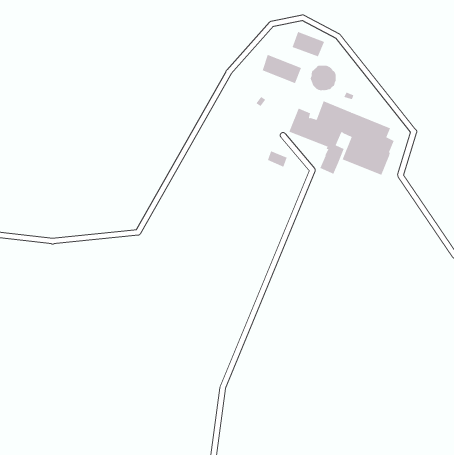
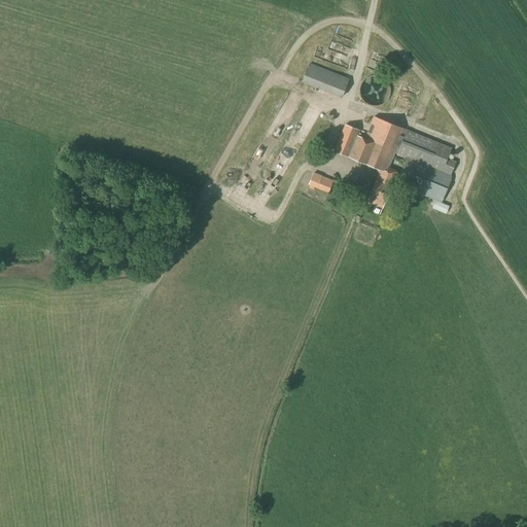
building: [292,31,325,57] -> none

